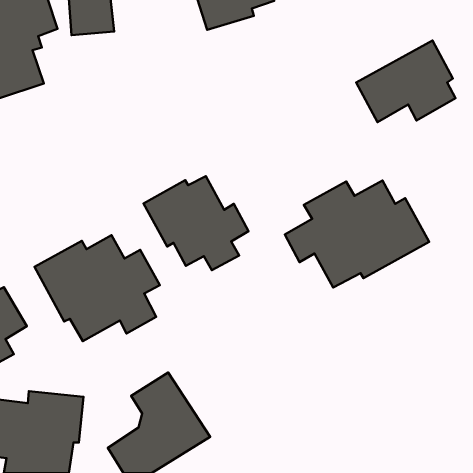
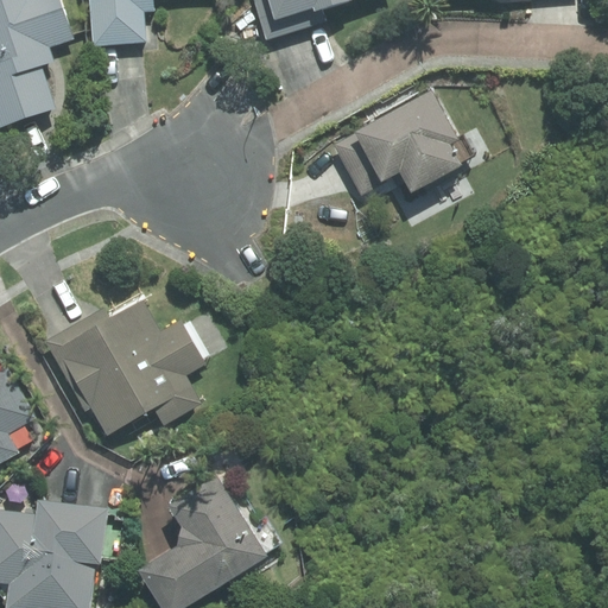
building: [356,41,456,122] -> [335,91,462,196]
building: [143,176,248,270] -> none
building: [285,181,429,287] -> none

